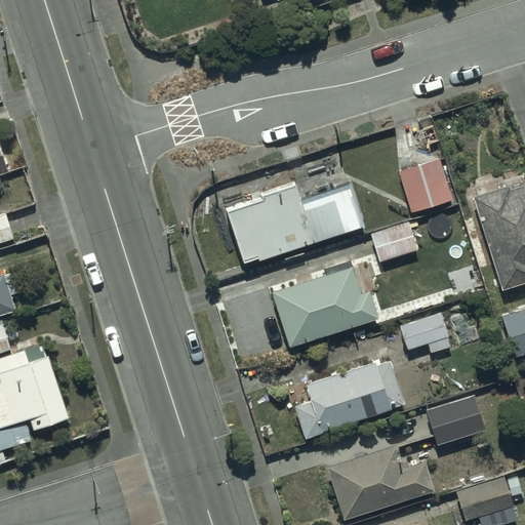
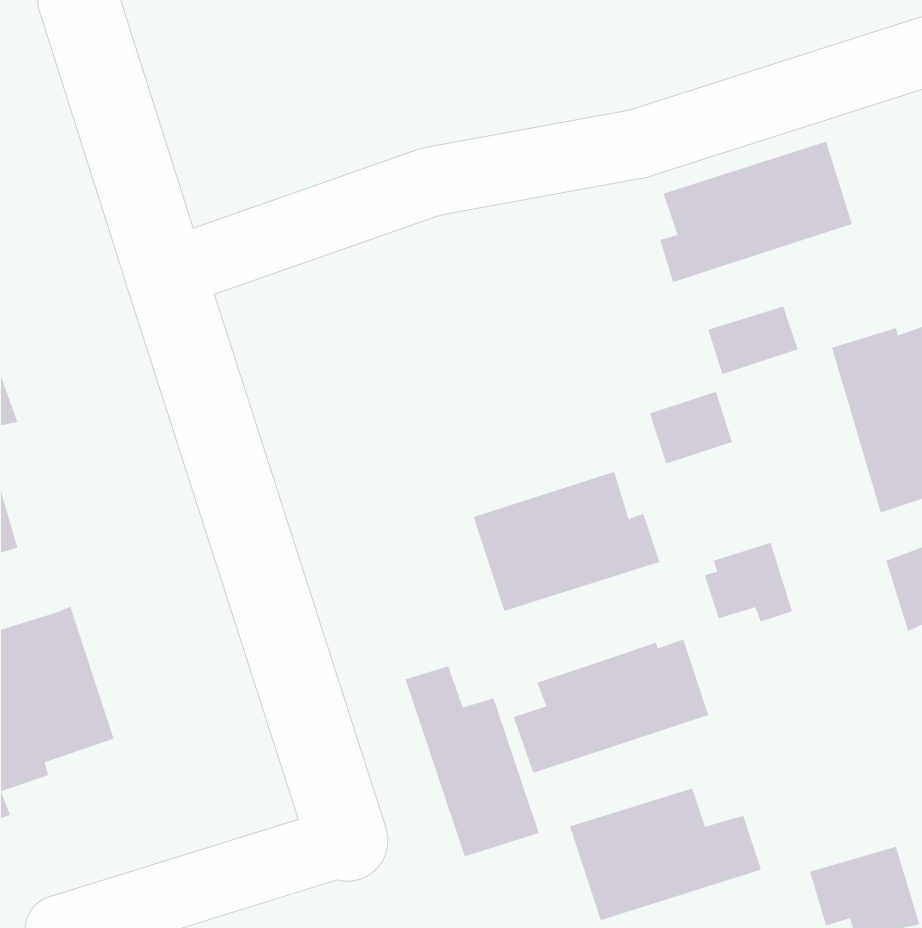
building: none -> [660,141,853,283]
building: [225,184,366,262] -> none
building: none -> [405,665,540,857]
building: [426,395,485,445] -> none

